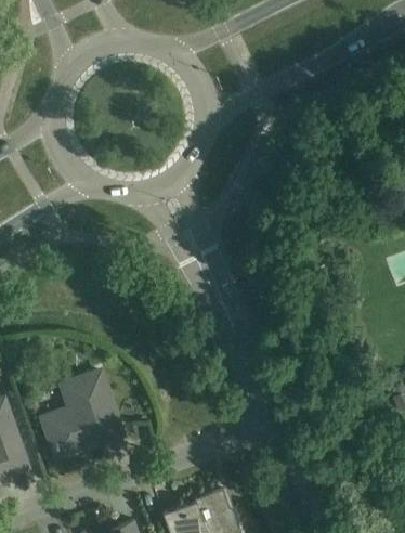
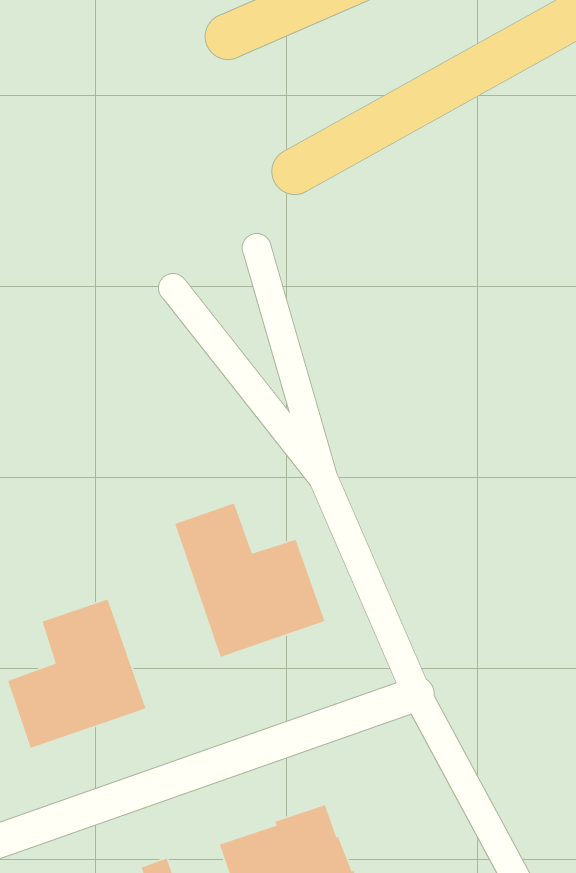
building: none -> [174,503,325,658]

